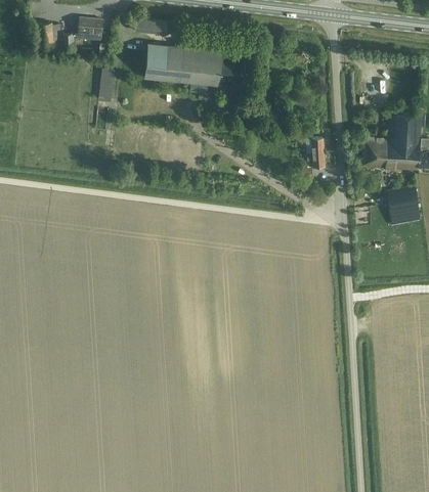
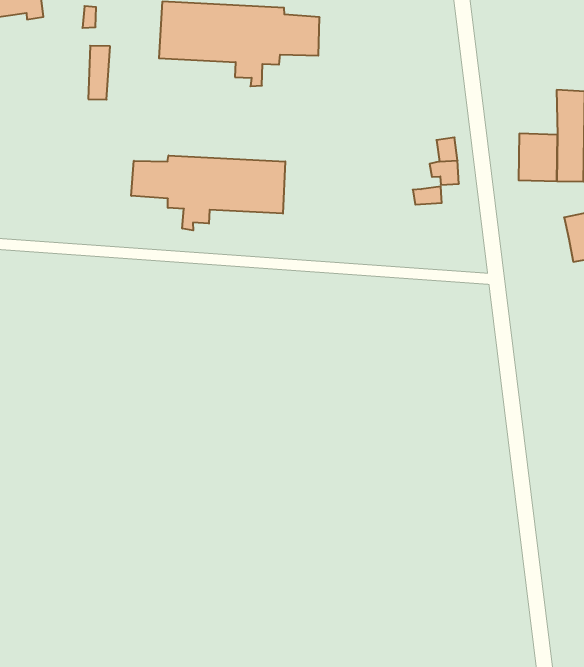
building: none -> [131,155,285,230]

